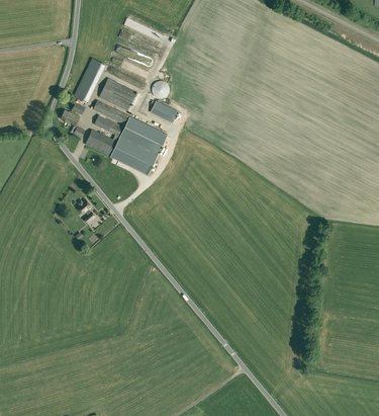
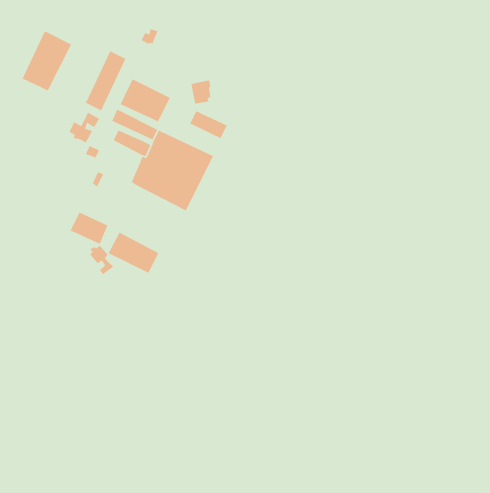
building: none -> [21,30,72,92]
building: [85,130,113,154] -> [70,211,108,245]
building: none -> [108,232,159,274]

